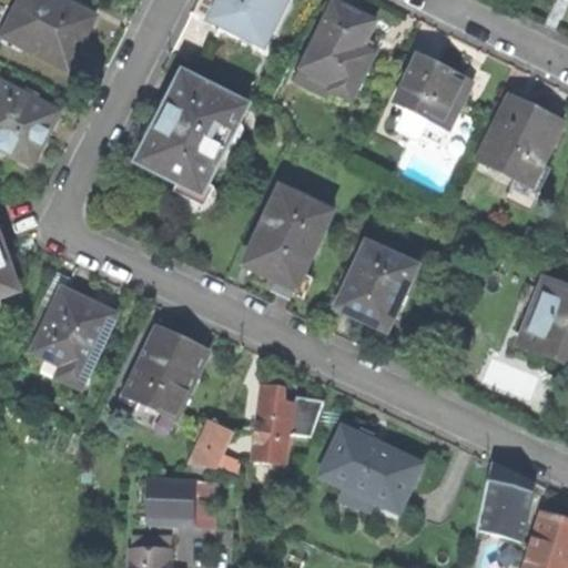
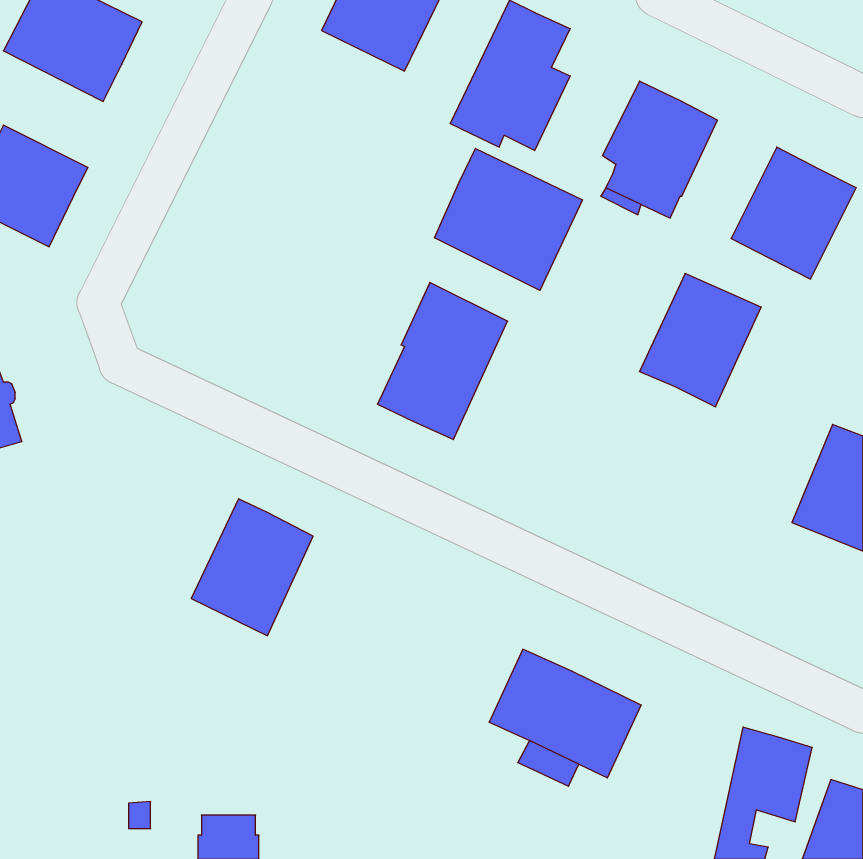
building: [138,72,247,194] -> none
building: none -> [435,148,582,290]
building: [338,243,418,331] -> [639,273,761,407]
building: [33,288,114,385] -> none
building: [253,384,322,464] -> none
building: [187,419,232,463] -> none
building: [148,477,213,524] -> none

